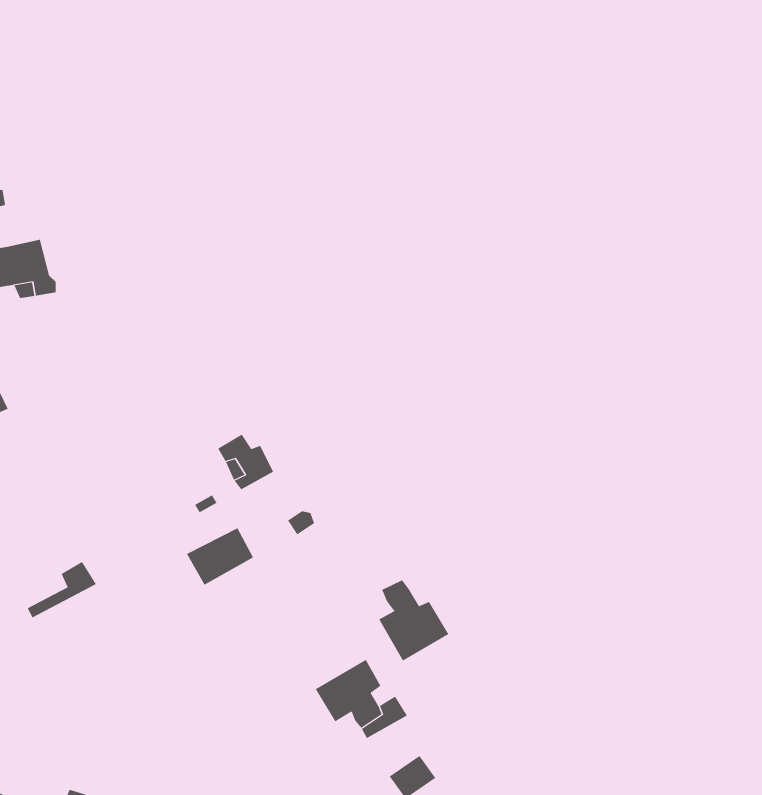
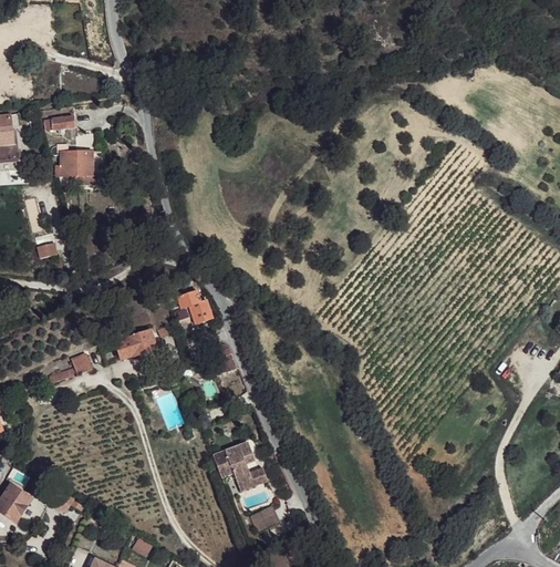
building: [186,527,254,585] -> [114,327,155,359]
building: [378,580,449,662] -> none

